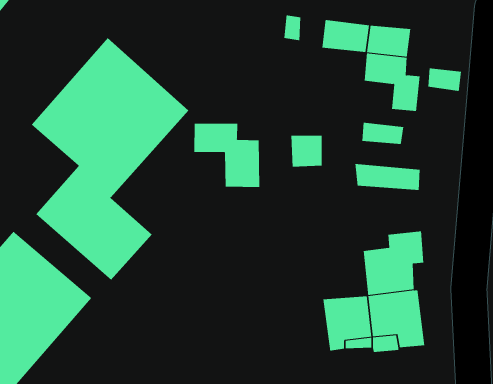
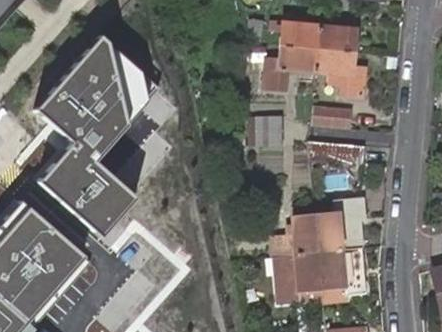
building: none -> [265,43,318,90]
building: [194,123,260,188] -> none
building: none -> [274,215,319,257]

